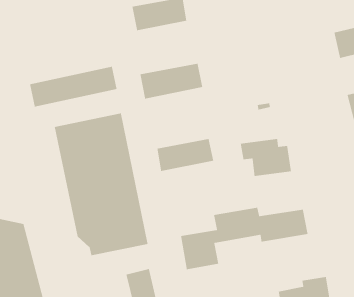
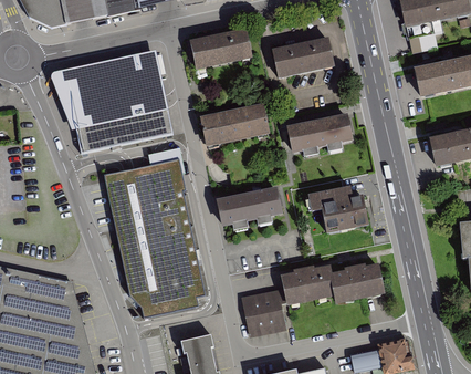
building: none -> [272,38,333,75]
building: none -> [51,48,168,127]
building: none -> [285,115,352,152]

